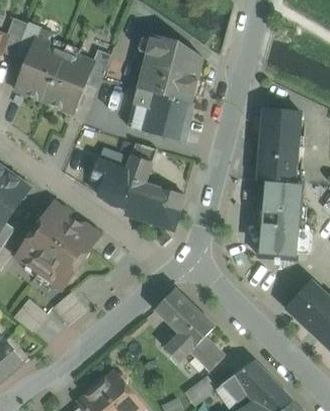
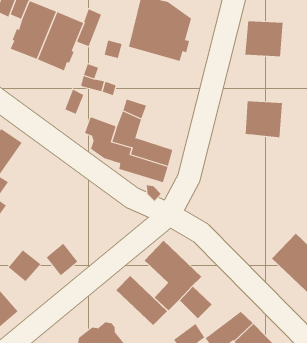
building: [128,87,190,139] -> none
building: [259,108,300,145] -> [244,21,284,57]
building: [258,179,302,259] -> none
building: [15,202,98,287] -> none
building: none -> [116,275,168,326]

